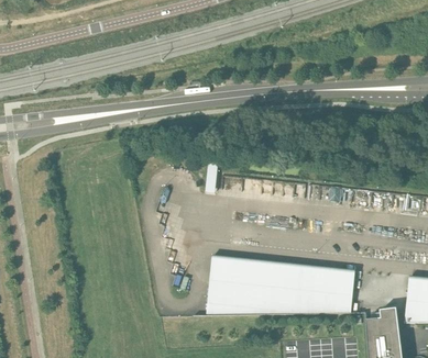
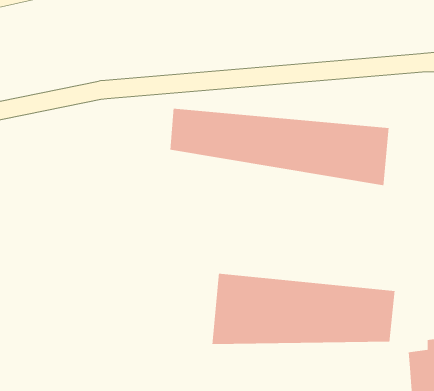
building: none -> [170,108,390,186]

